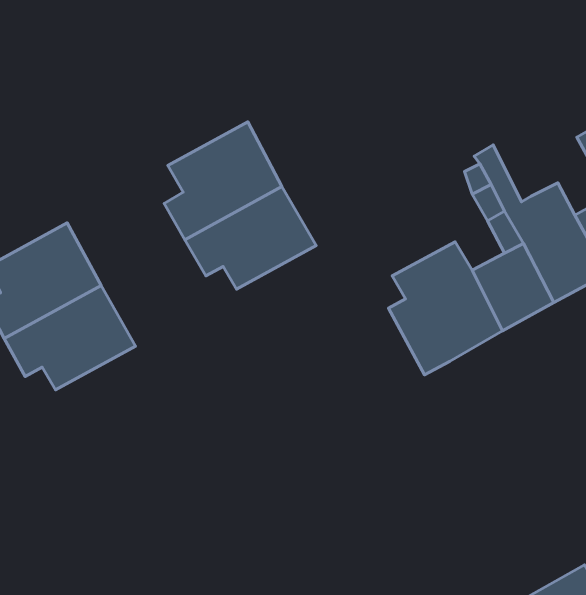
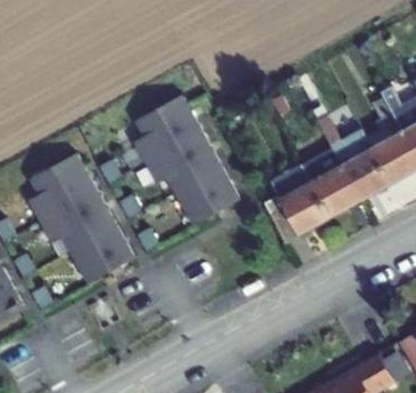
building: none -> [175,167,240,226]
building: none -> [70,225,134,284]

